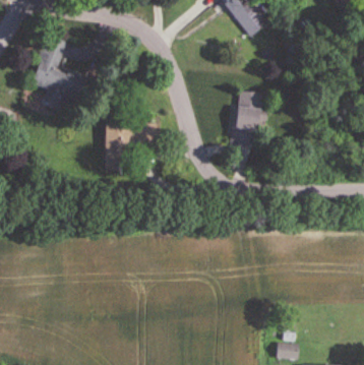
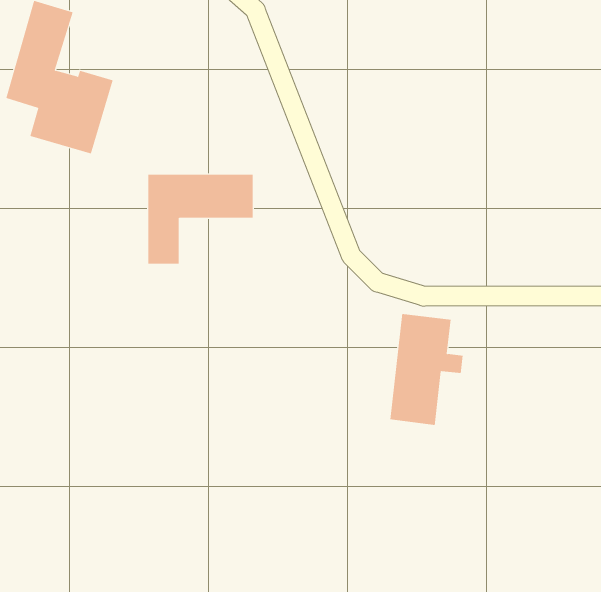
building: [232,90,269,147] -> [389,314,463,426]

